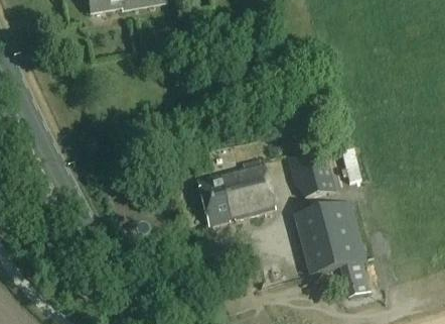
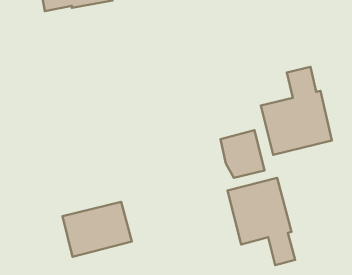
building: none -> [261,67,332,155]
building: [198,163,276,224] -> [63,202,132,257]

